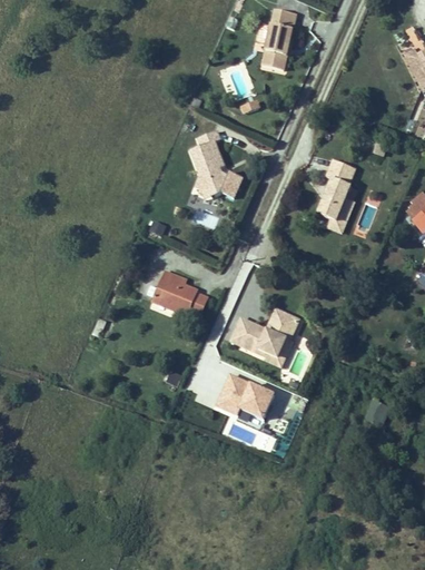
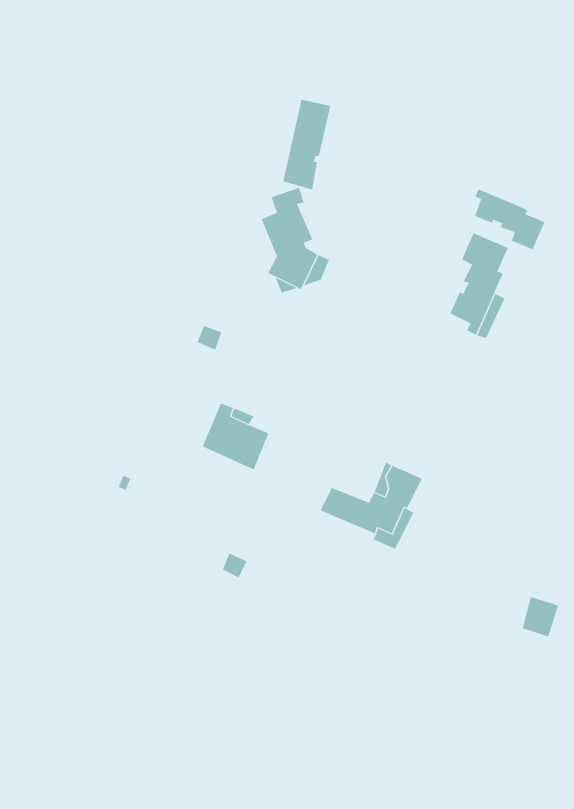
building: [264,8,296,68] -> [282,99,331,190]
building: none -> [474,189,545,250]
building: [214,372,275,425] -> none

